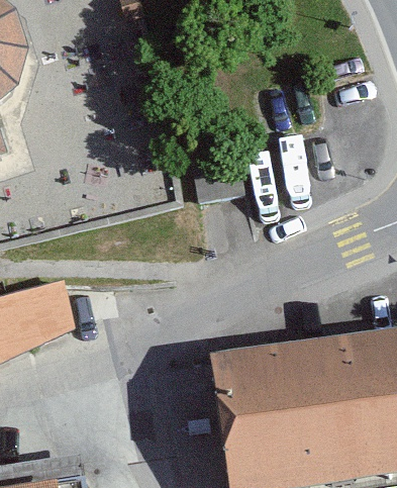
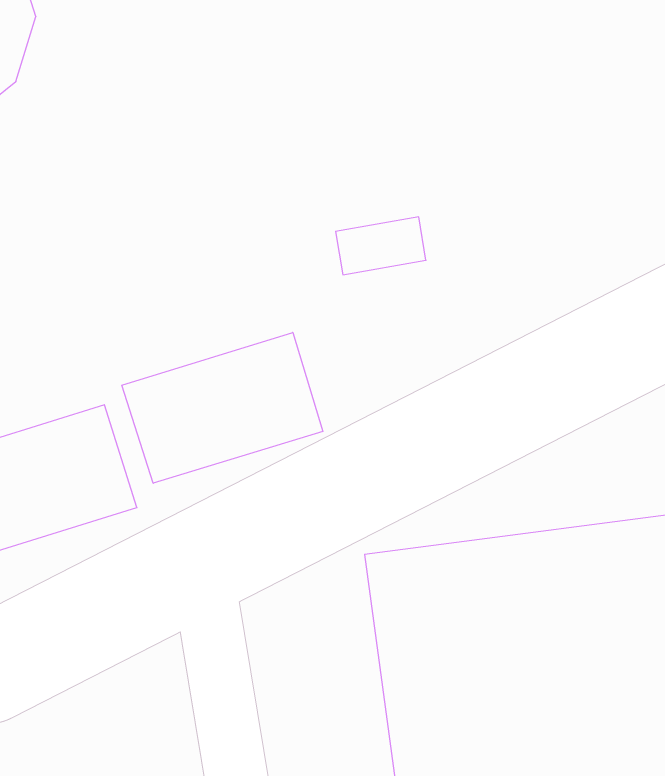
building: none -> [122,332,323,483]

